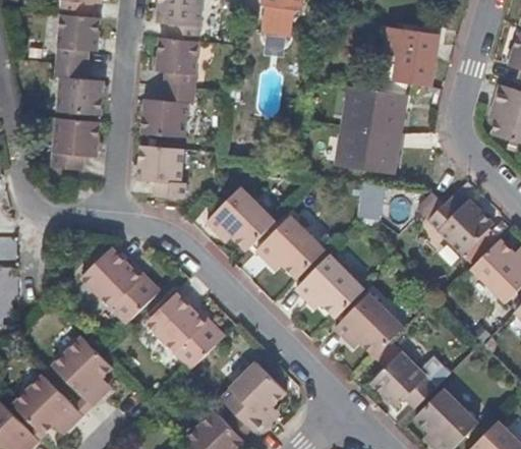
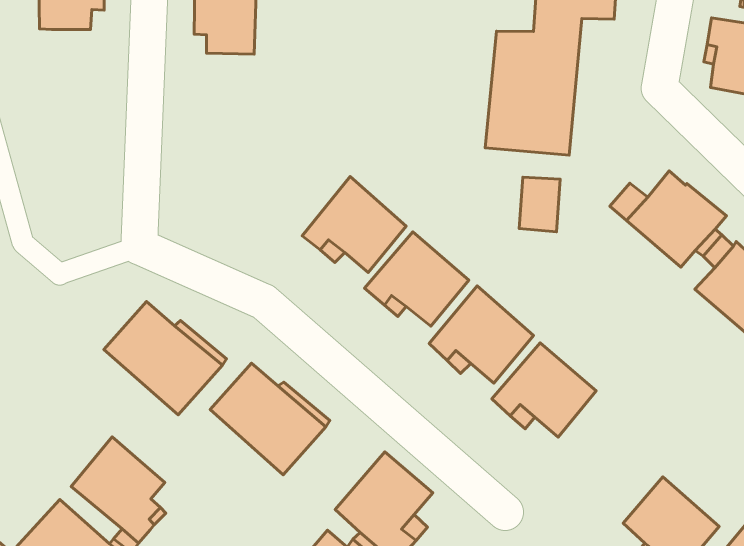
building: [57,63,104,116] -> none
building: [142,87,192,141] -> none
building: [50,117,99,170] -> none
building: [136,147,186,200] -> none
building: [367,352,435,409] -> none

